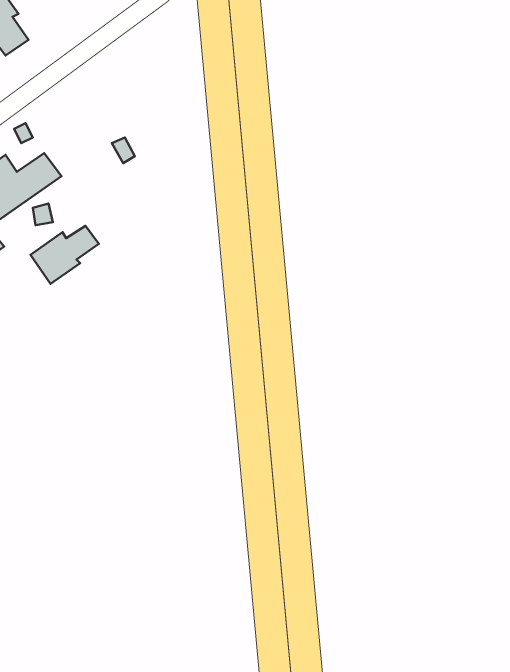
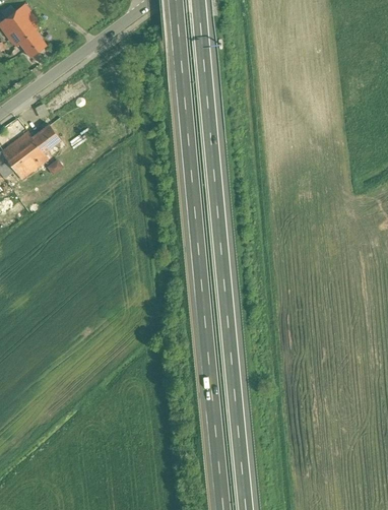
building: [30,226,99,284] -> none

